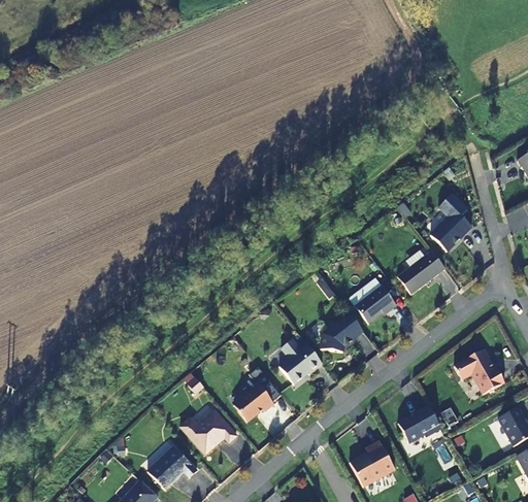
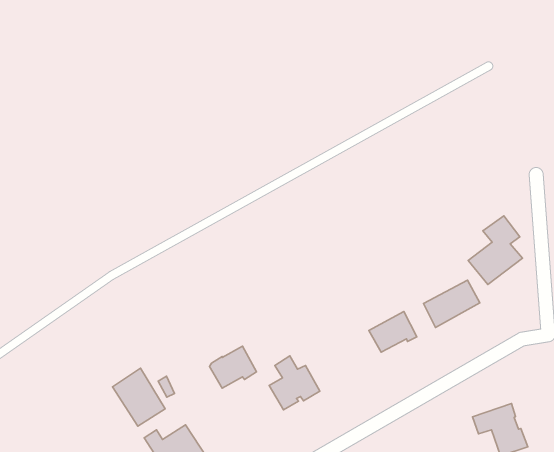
building: [320,312,362,352] -> none
building: none -> [113,368,165,426]
building: [233,383,273,422] -> [210,346,257,388]

